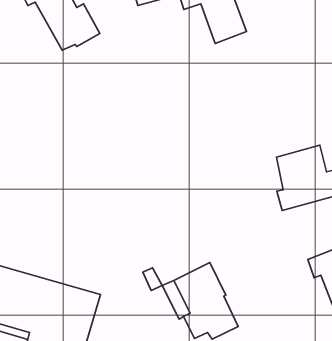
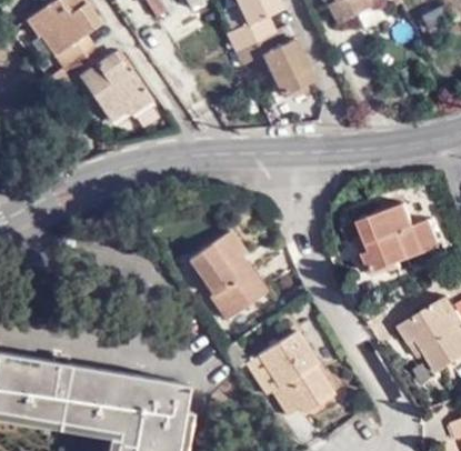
building: none -> [194,235,261,320]

